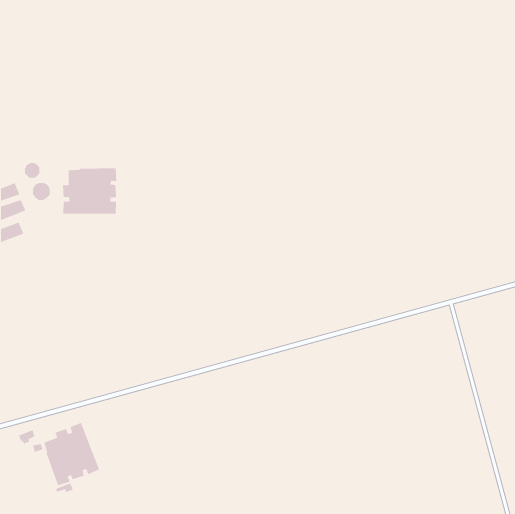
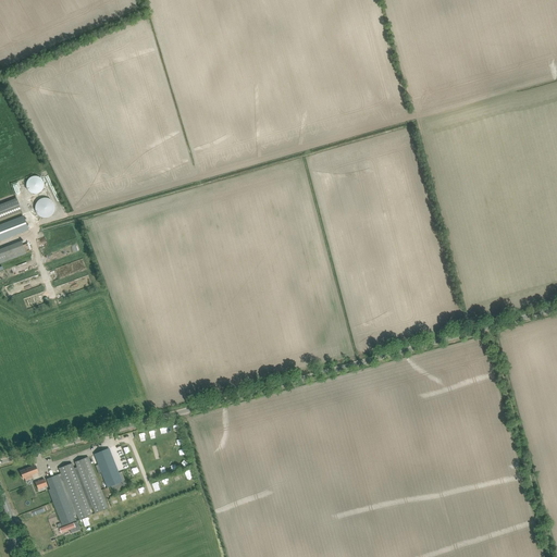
building: [63,168,117,214] -> none
building: none -> [94,447,122,490]

